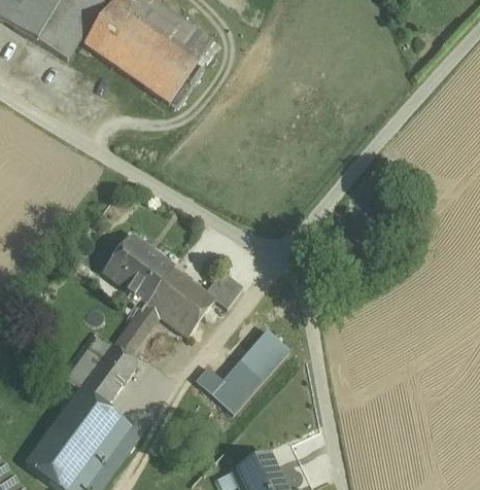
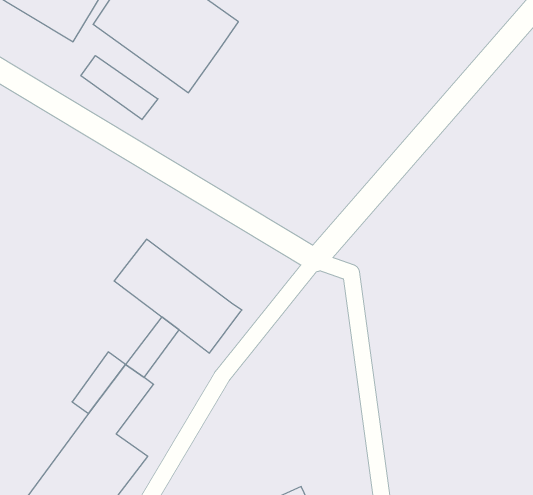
building: none -> [81,56,158,120]
building: [207,269,244,307] -> none
building: [196,329,290,413] -> none

